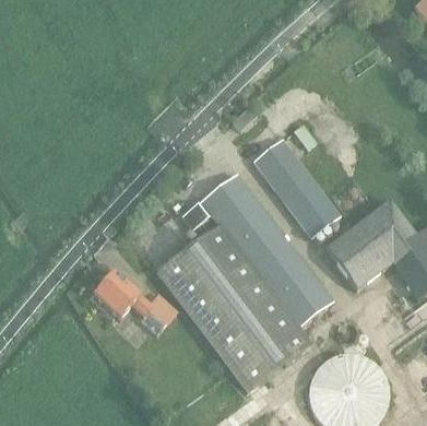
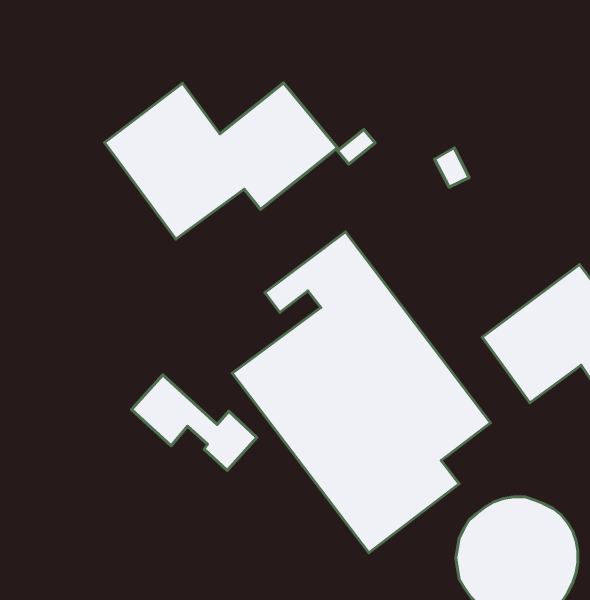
building: none -> [105,83,337,239]
building: [254,141,340,238] -> none

